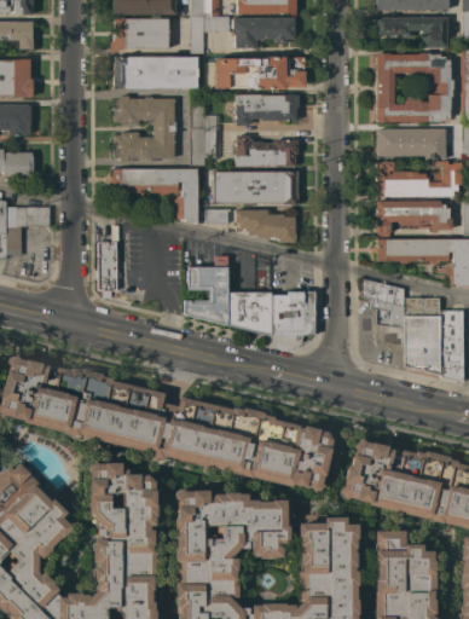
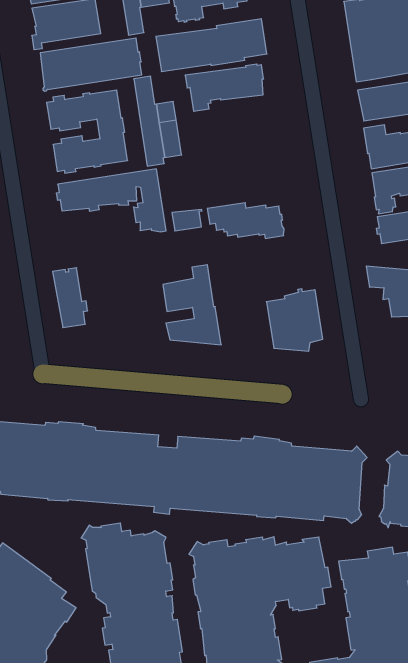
building: [231,135,297,167] -> none
building: [213,170,299,206] -> none
building: [228,289,272,336] -> none

